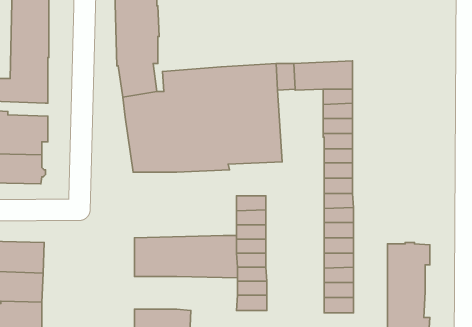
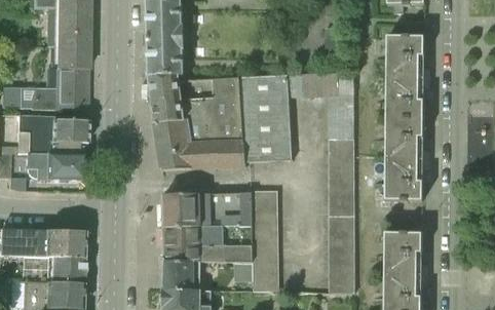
building: none -> [385,34,423,200]
building: none -> [162,192,240,226]
building: none -> [162,260,199,288]

